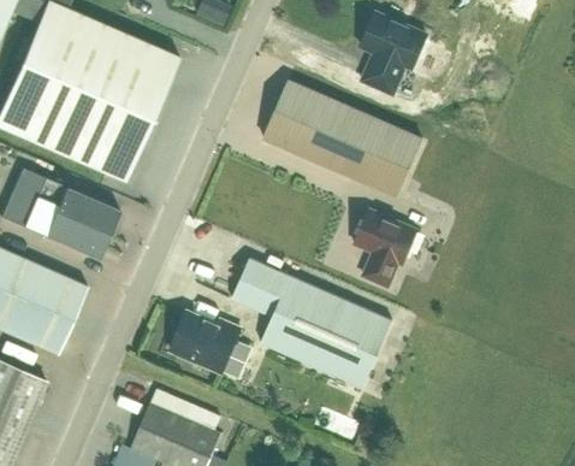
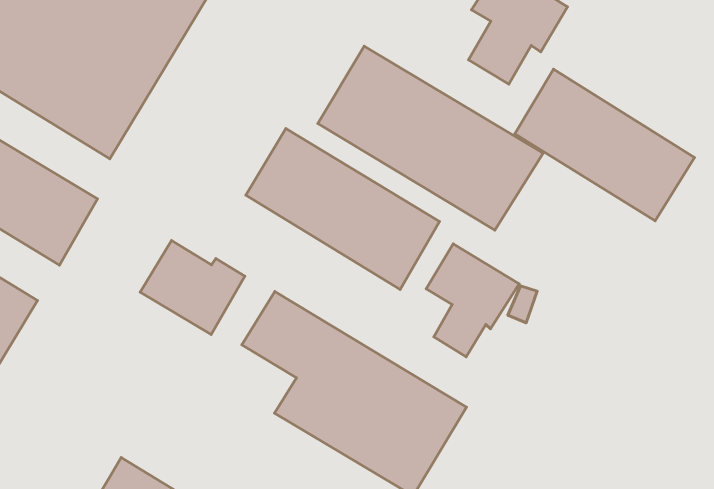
building: none -> [515,69,694,221]
building: none -> [246,129,440,289]
building: [170,312,241,373] -> [140,241,245,334]

